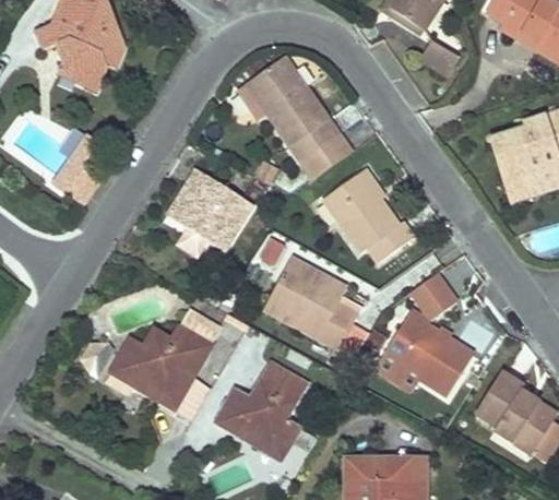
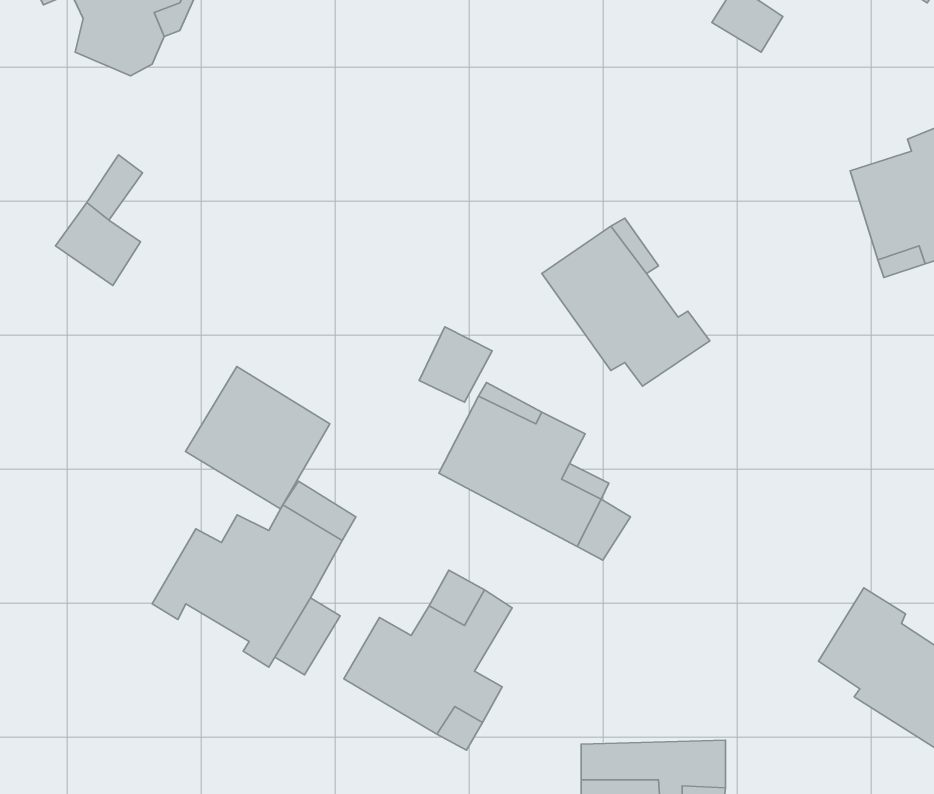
building: [231,55,353,176] -> none
building: [173,170,252,249] -> [185,367,330,509]
building: [412,273,456,320] -> none
building: [383,312,474,395] -> none

